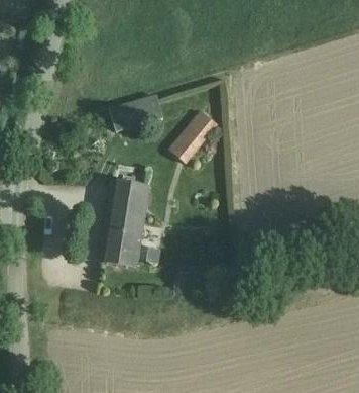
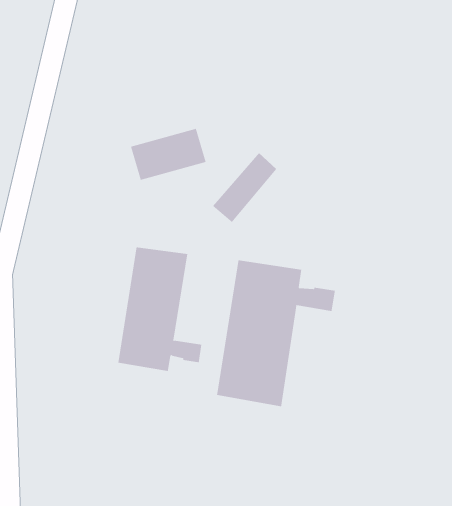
building: none -> [217,260,335,407]

